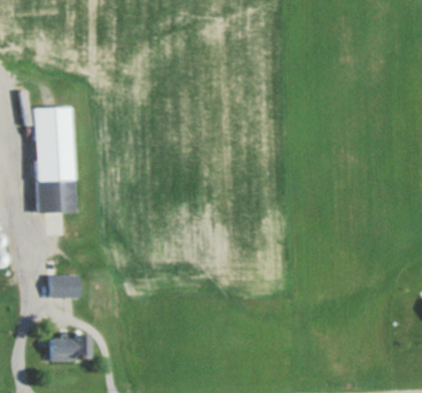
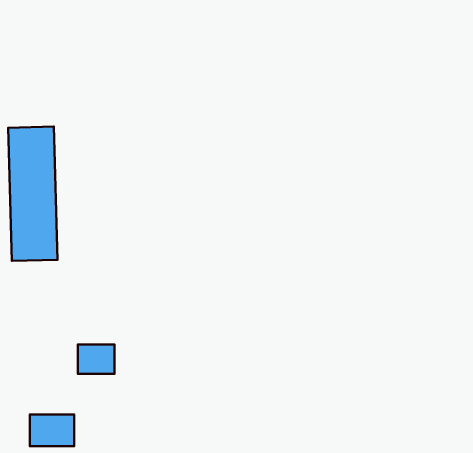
building: [51,273,80,297] -> [78,345,115,374]

